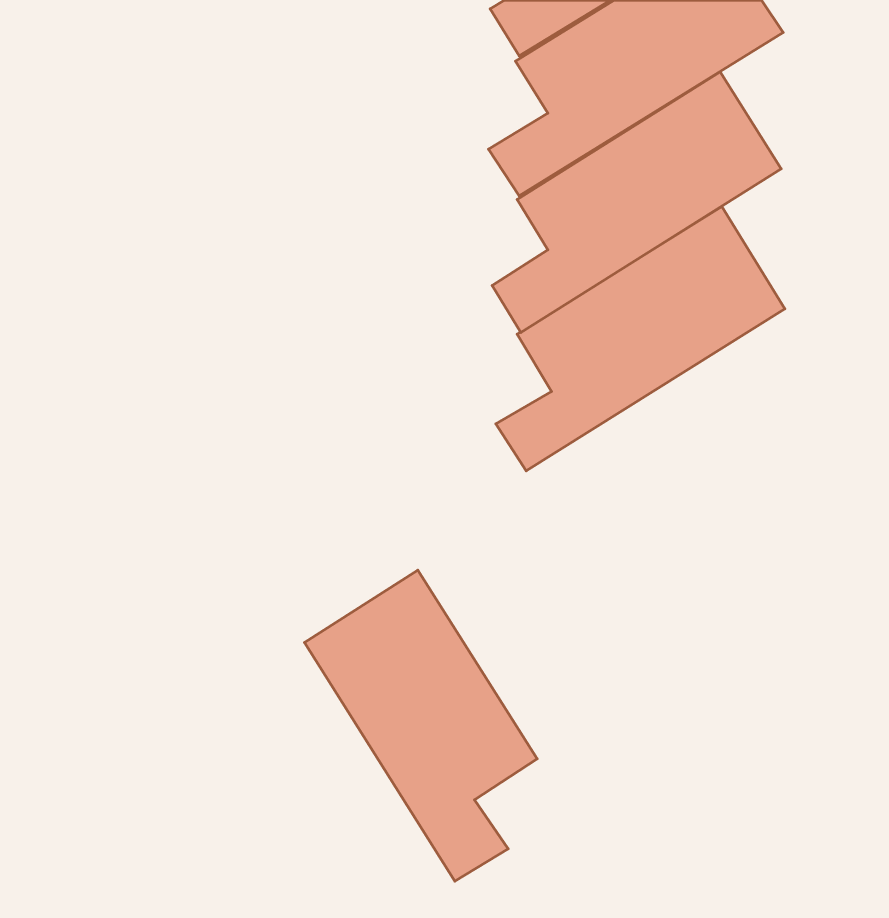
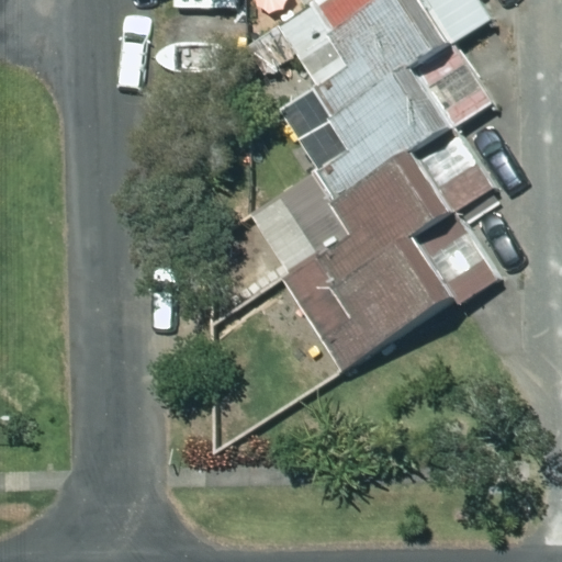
building: none -> [310,212,486,372]
building: [305,570,537,881] -> none

